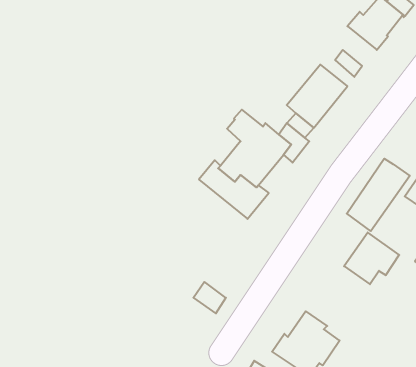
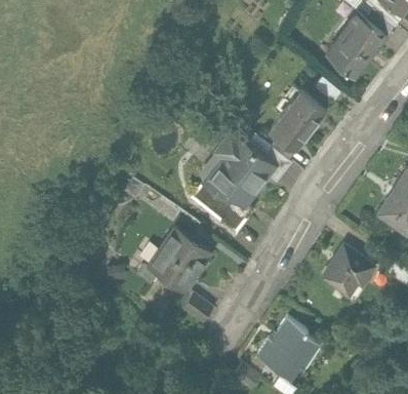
building: [347,159,410,231] -> none
building: none -> [146,226,210,290]

